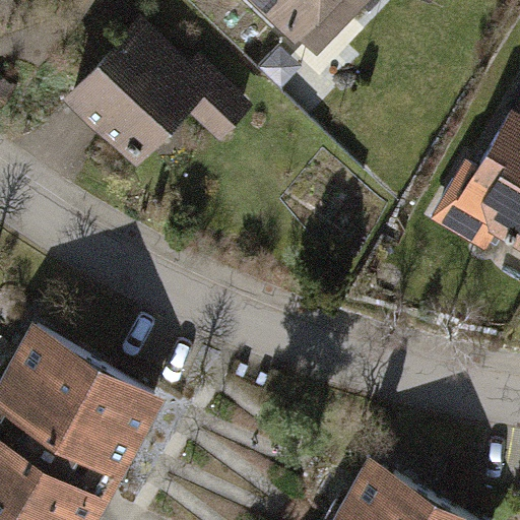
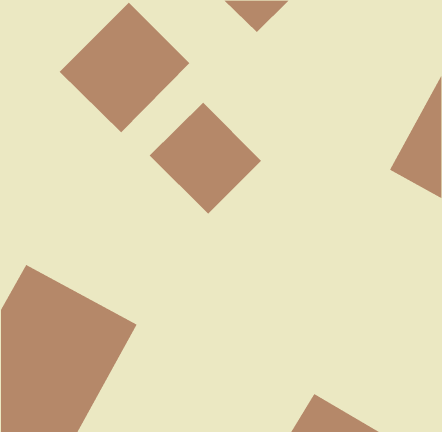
building: none -> [149,102,262,215]

